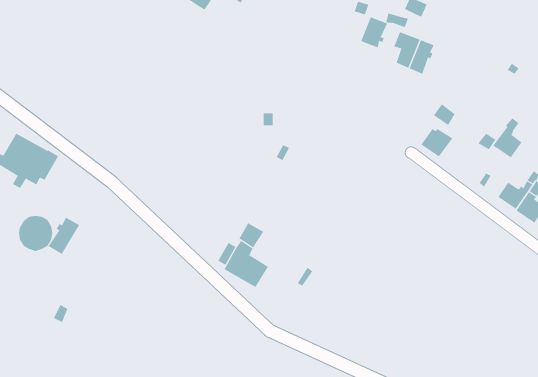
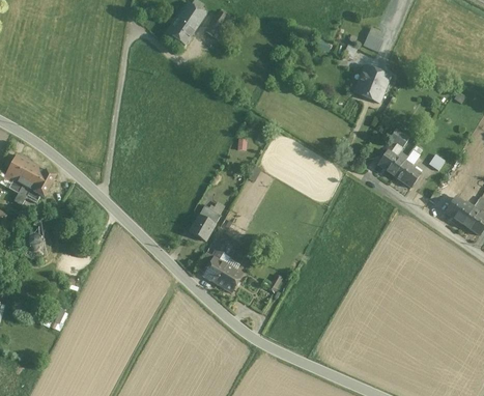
building: [361,17,388,48] -> none
building: [492,117,523,158] -> [393,151,420,188]
building: none -> [189,205,220,241]
building: [48,217,80,255] -> none

